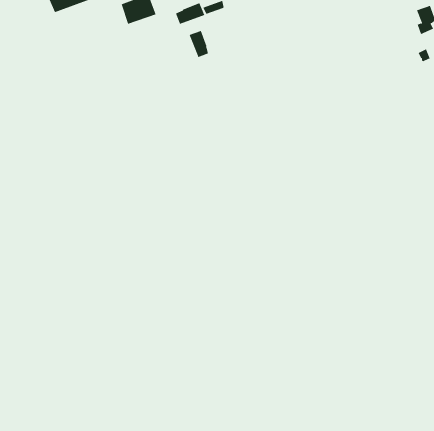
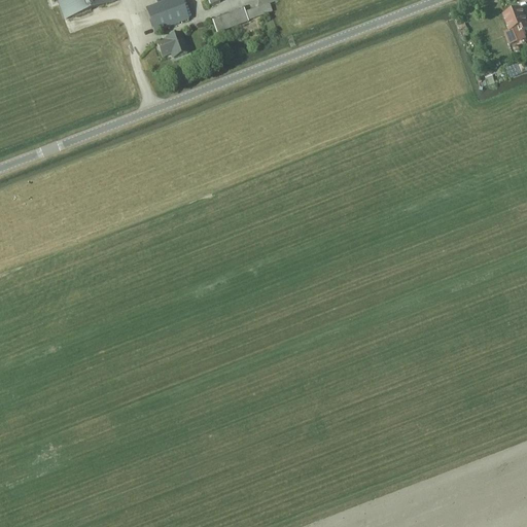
building: none -> [159,31,188,56]
building: [189,30,209,58] -> none

